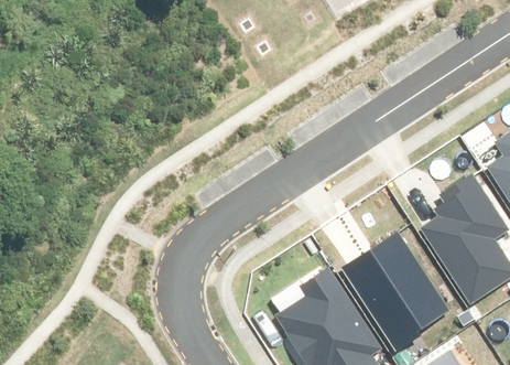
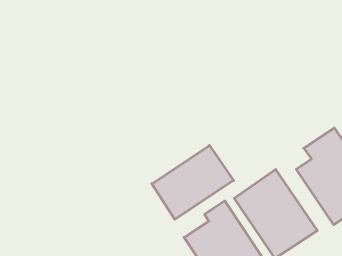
building: none -> [152,145,234,219]

